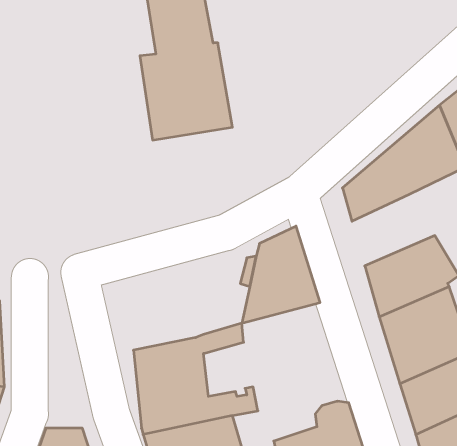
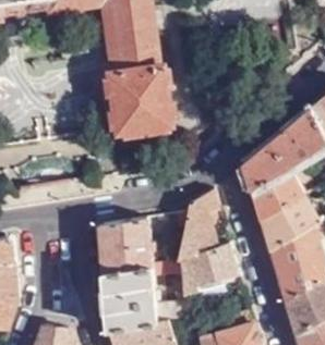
building: none -> [251,169,308,218]
building: none -> [96,218,149,275]
building: none -> [176,243,238,295]

